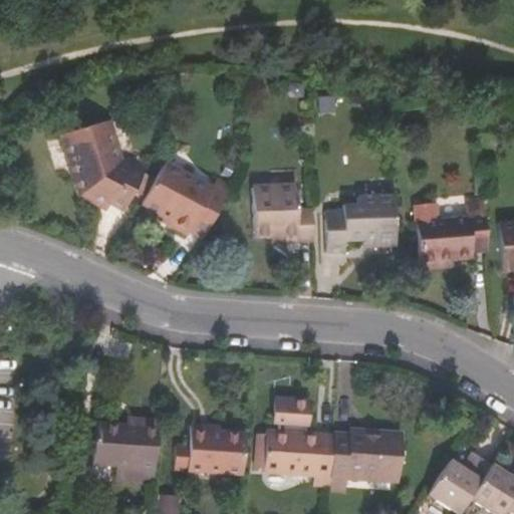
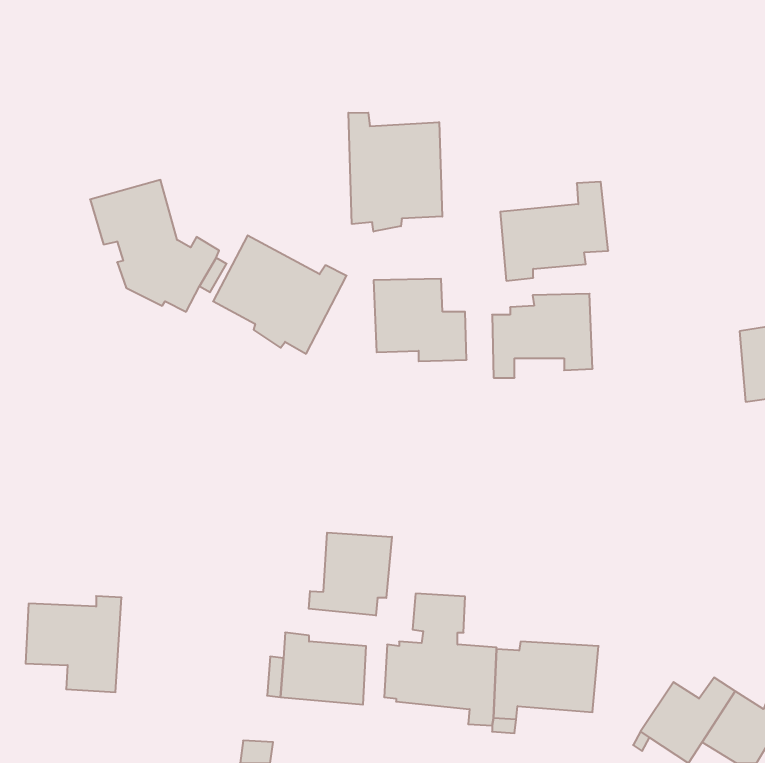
building: none -> [348,113,442,232]
building: [414,200,486,266] -> [500,182,608,281]
building: none -> [309,533,392,616]
building: [94,419,159,483] -> [26,596,122,692]

